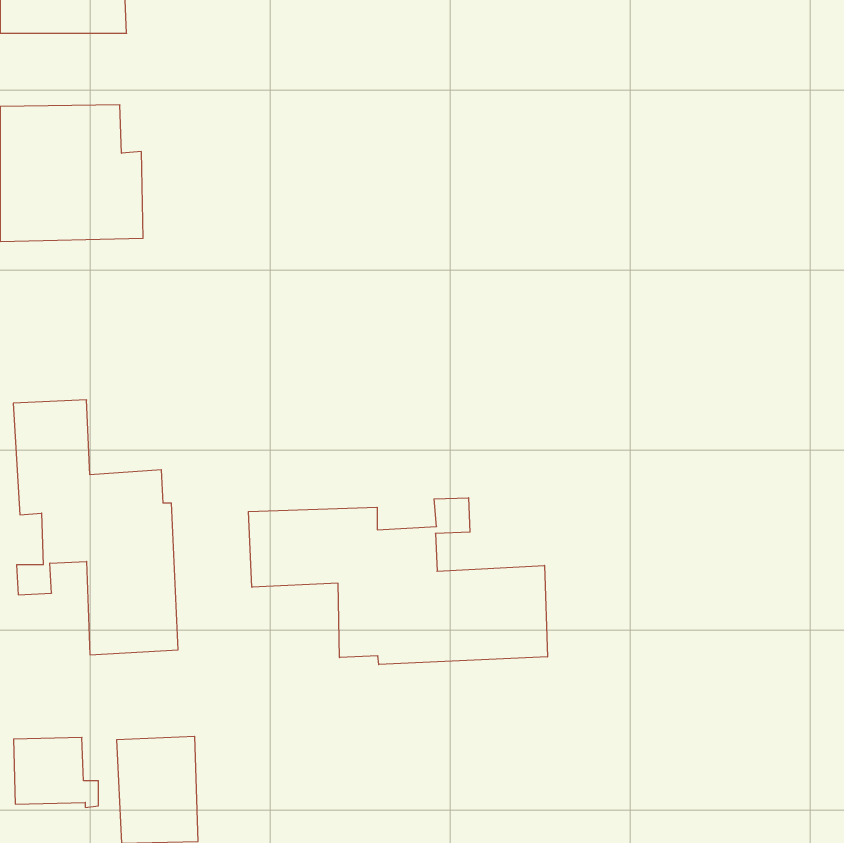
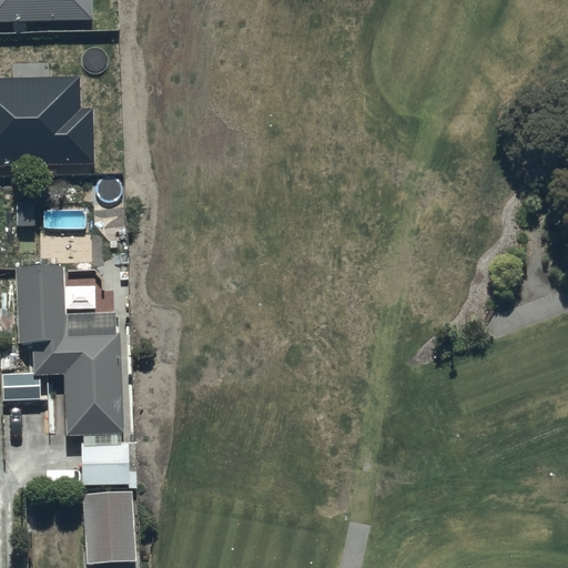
building: [248,498,547,665] -> none
building: [14,737,98,807] -> [80,439,136,486]

